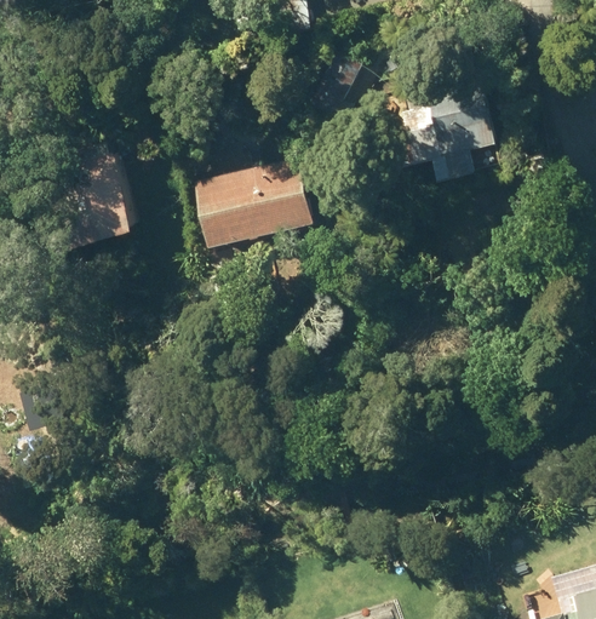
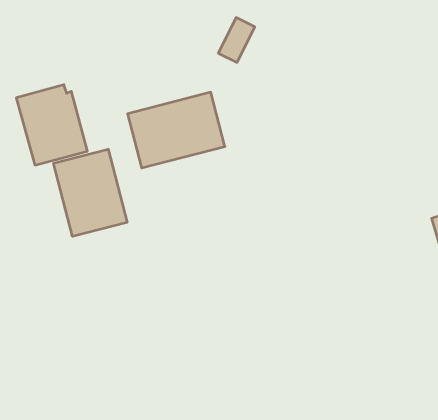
building: [407,92,492,165] -> none
building: none -> [54,149,127,236]

